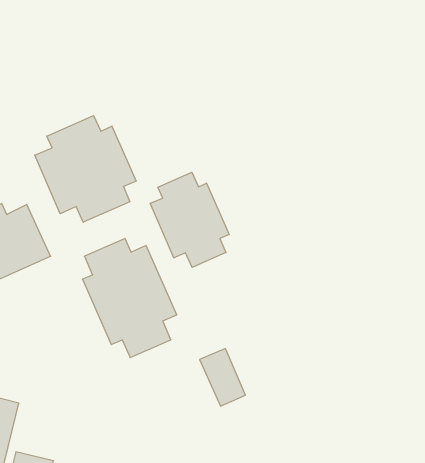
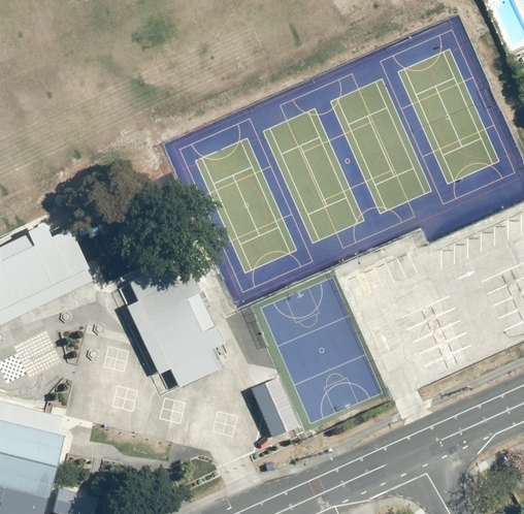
building: [35,116,136,222] -> none
building: [150,172,229,267] -> none

